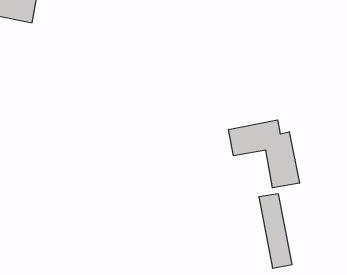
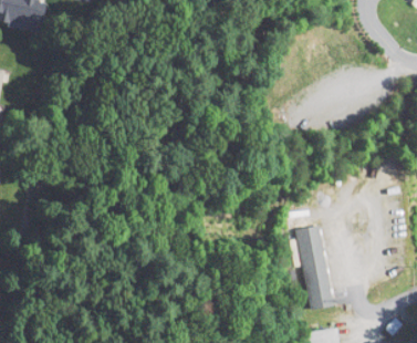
building: [228,120,299,188] -> none

